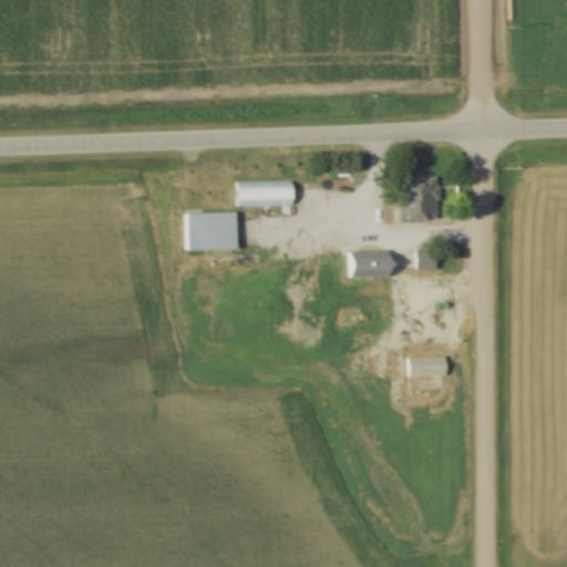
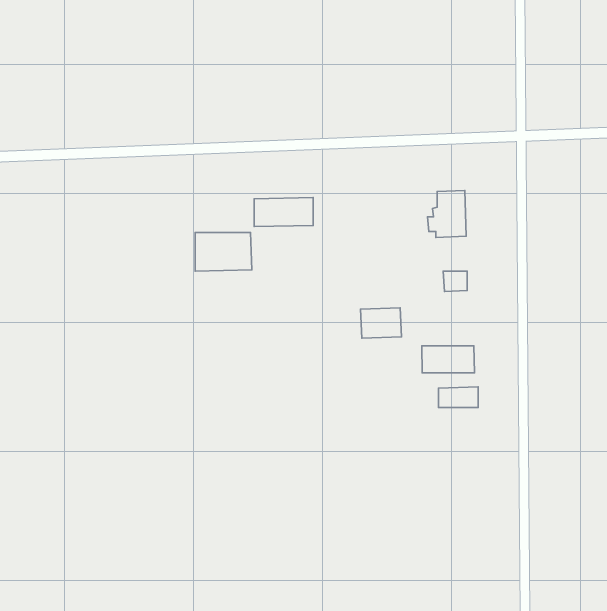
building: [350,249,388,277] -> [361,308,401,338]
building: none -> [422,346,474,373]

